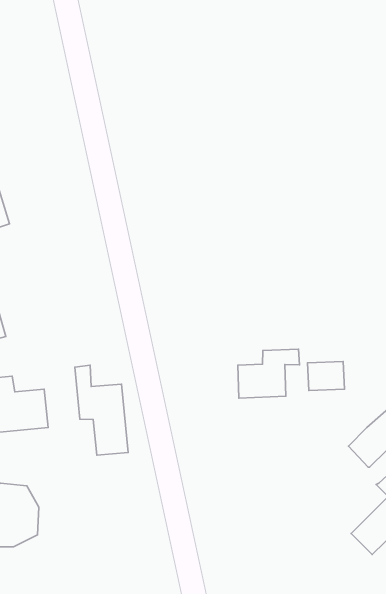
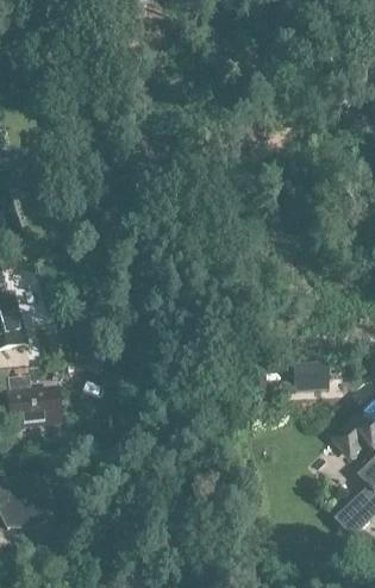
building: [238,349,299,398] -> none
building: [75,365,128,455] -> none

